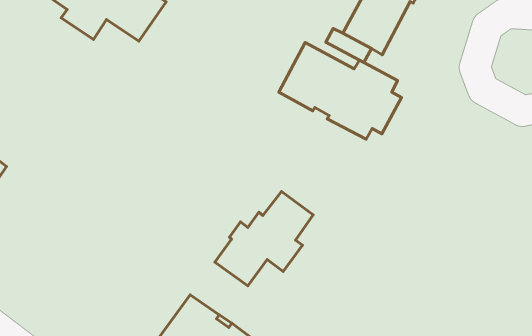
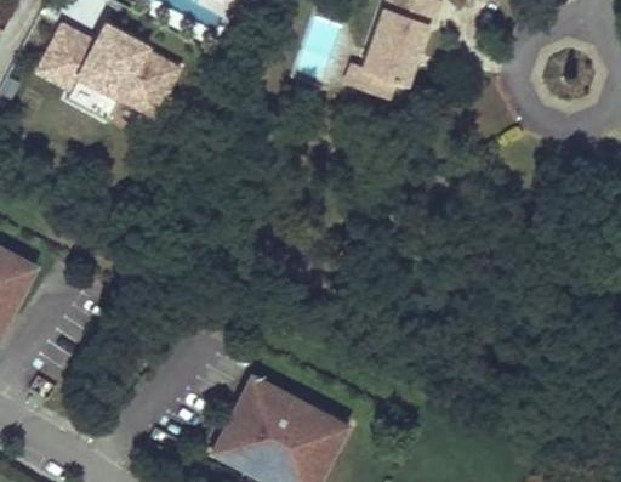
building: [279,42,402,139] -> none
building: [215,192,313,286] -> none

